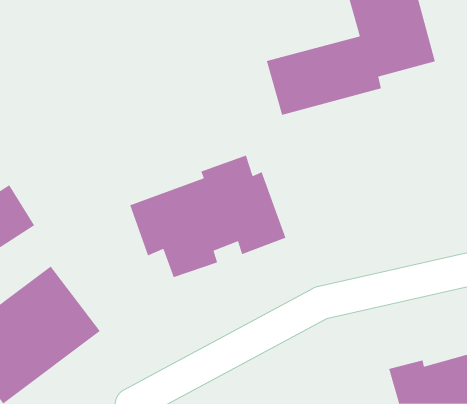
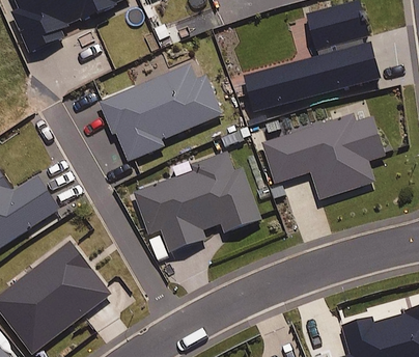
building: none -> [99,59,220,161]
building: none -> [261,114,384,198]

